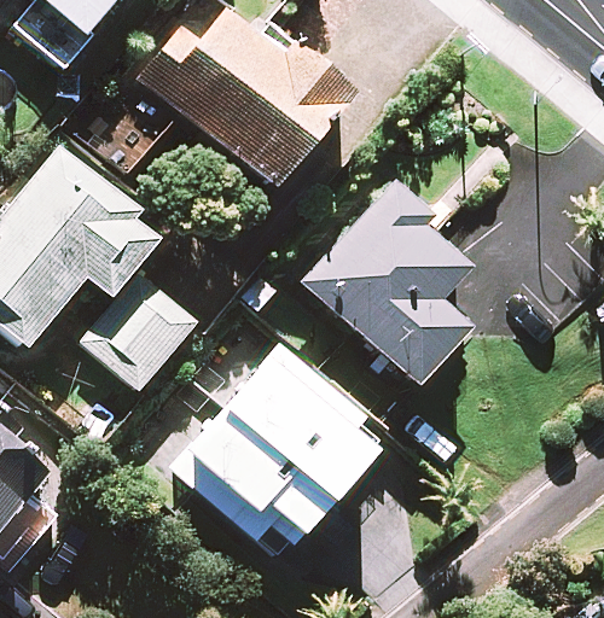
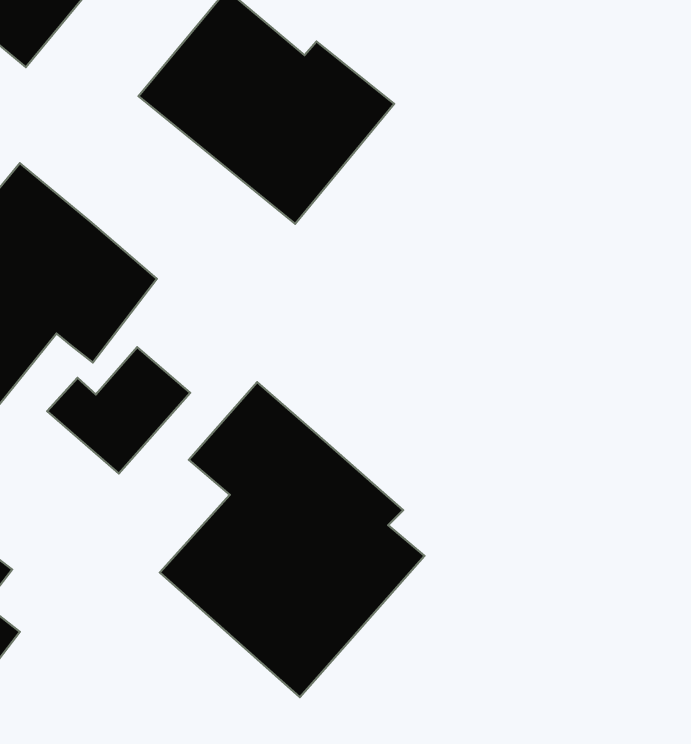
building: [304,186,474,384] -> none

